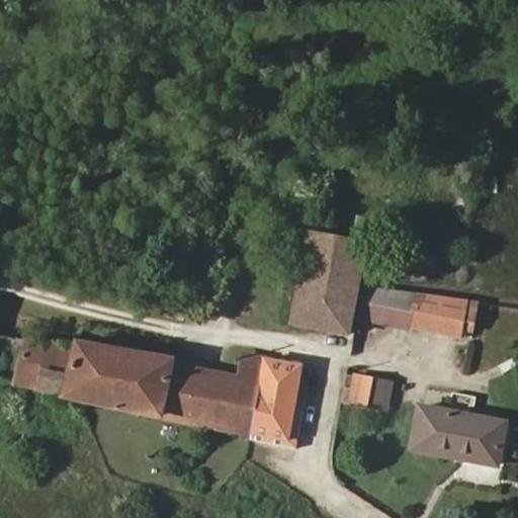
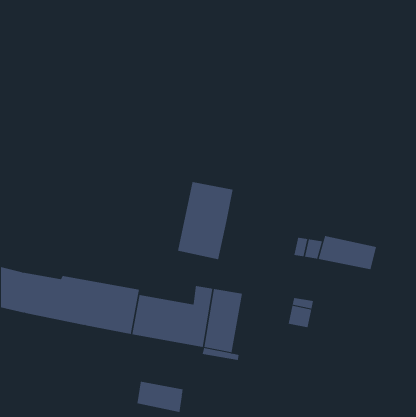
building: [296,236,366,333] -> [177,181,234,260]
building: [414,406,505,466] -> none
building: none -> [137,381,183,413]

